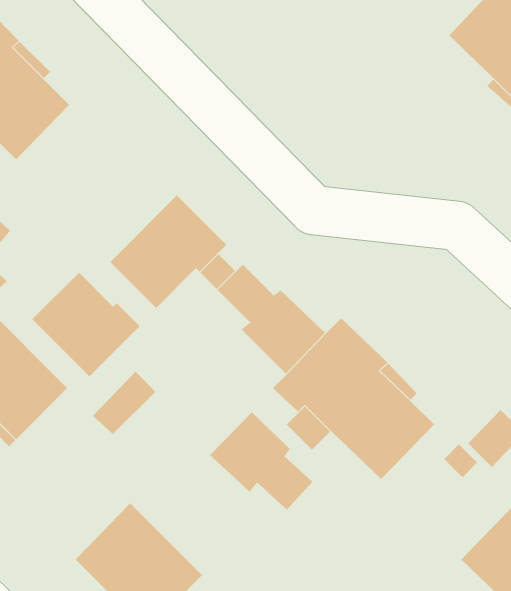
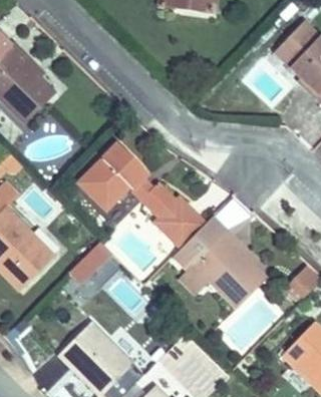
building: [32,272,141,377] -> none
building: [209,411,313,510] -> none

